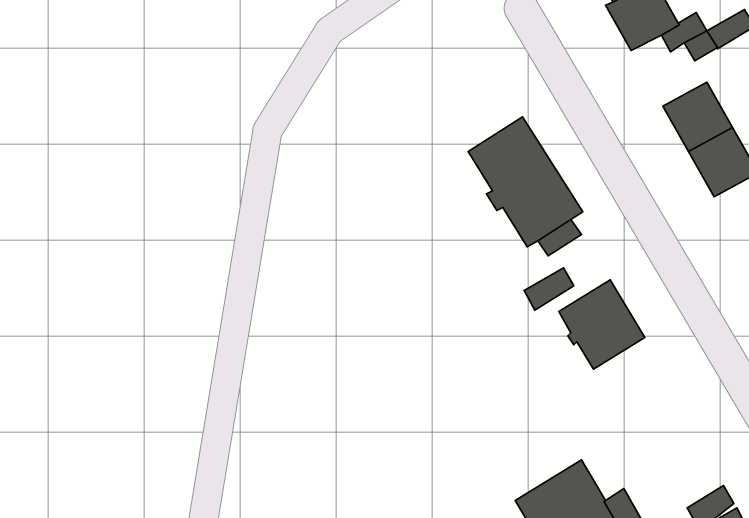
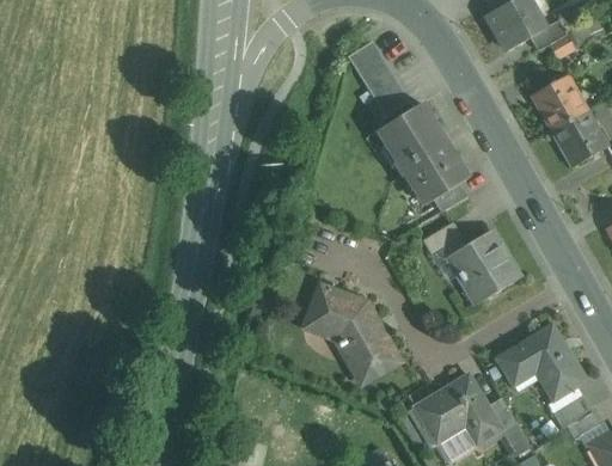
building: none -> [348,42,409,116]
building: none -> [305,287,399,384]
building: none -> [494,324,587,401]

